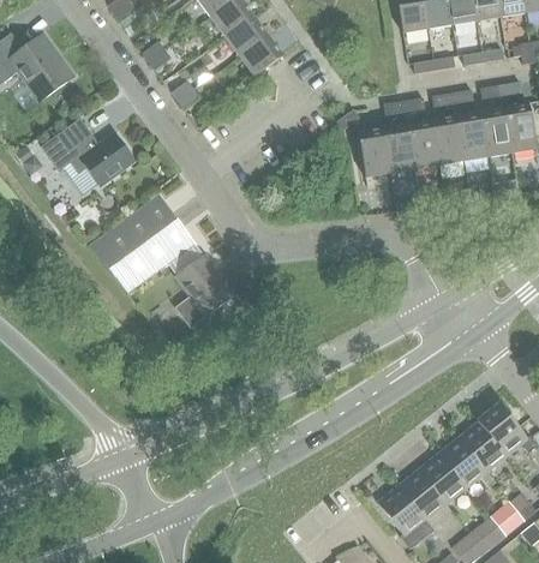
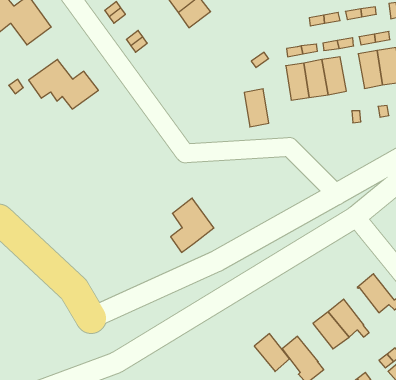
building: [455,110,487,160] -> none
building: [358,126,390,176] -> [244,89,269,127]
building: [101,193,196,286] -> none
building: [175,254,233,327] -> [171,198,214,252]
building: [460,420,510,472] -> none
building: [399,468,445,519] -> [254,334,290,372]

